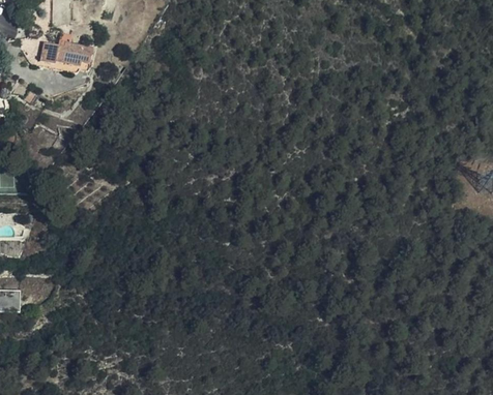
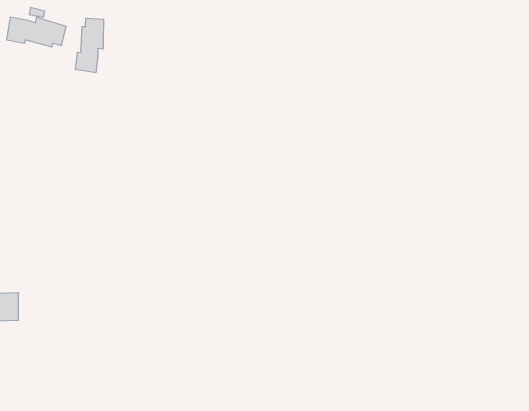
building: none -> [75,18,104,73]

